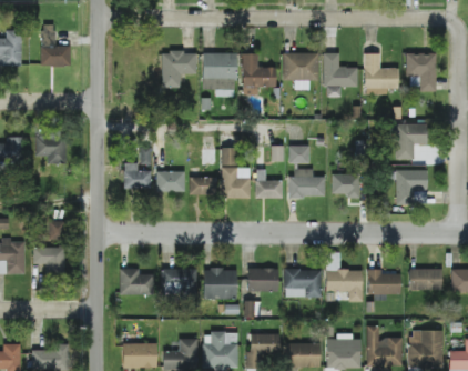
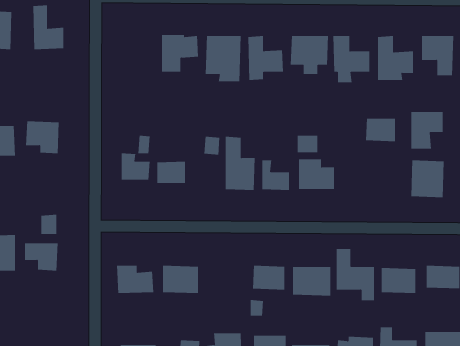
building: [330,173,359,195] -> [365,118,396,142]
building: [189,177,215,194] -> none
building: [203,268,236,298] -> none

